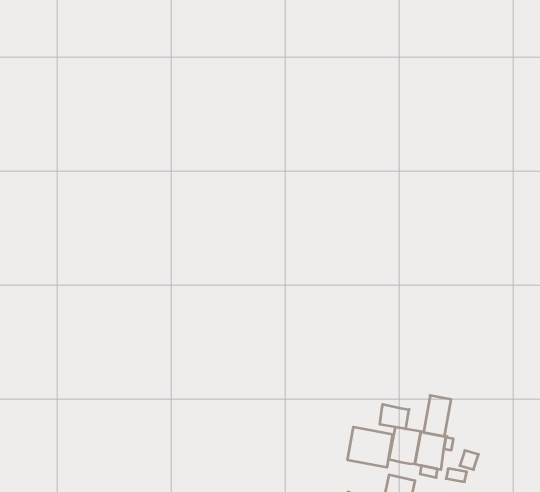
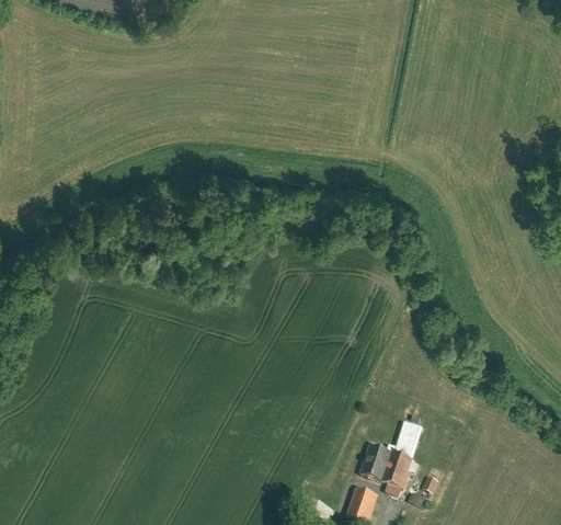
building: [380,404,409,429] -> none
building: [348,427,393,467] -> none

